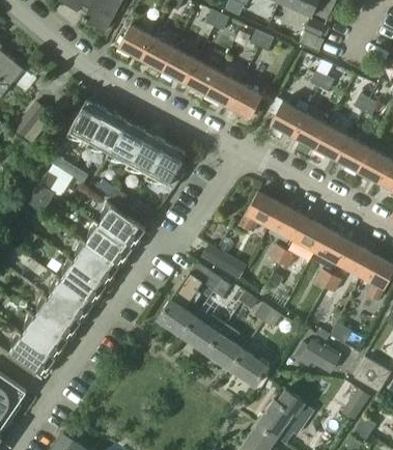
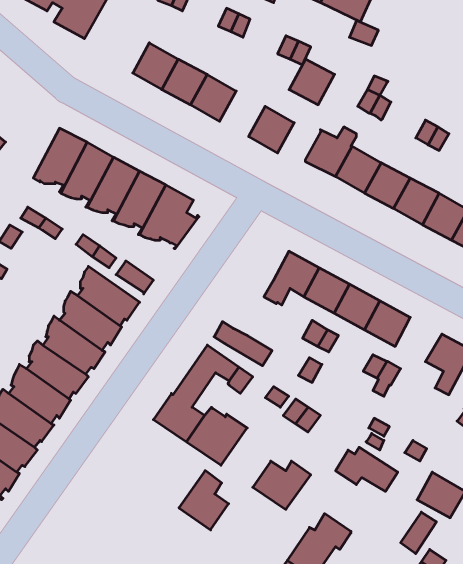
building: [118,23,153,58] -> none
building: [206,72,241,106] -> [289,59,335,105]
building: [338,242,373,275] -> none
building: [207,325,245,369] -> [179,471,229,530]

